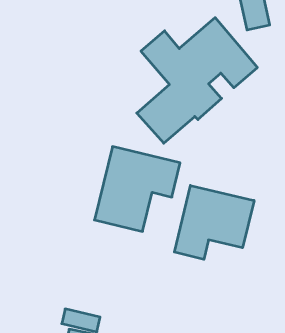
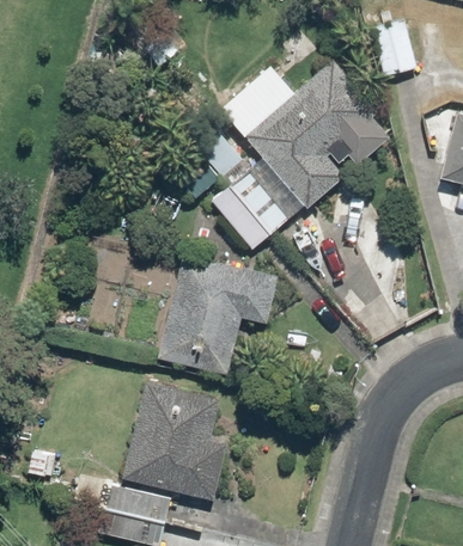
building: [174,185,254,259] -> none
building: none -> [121,381,227,501]

